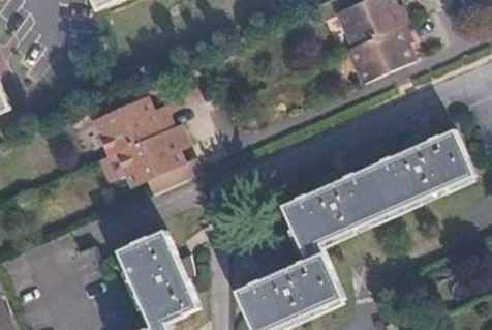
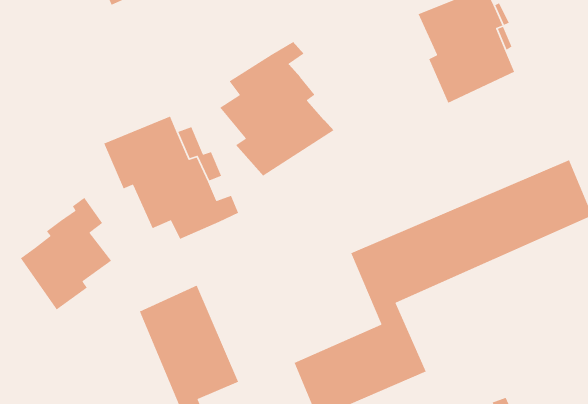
building: none -> [219,41,334,177]
building: none -> [20,197,112,311]

